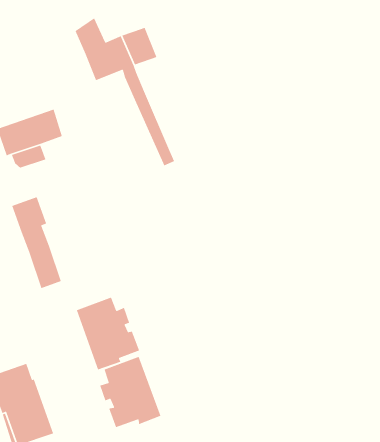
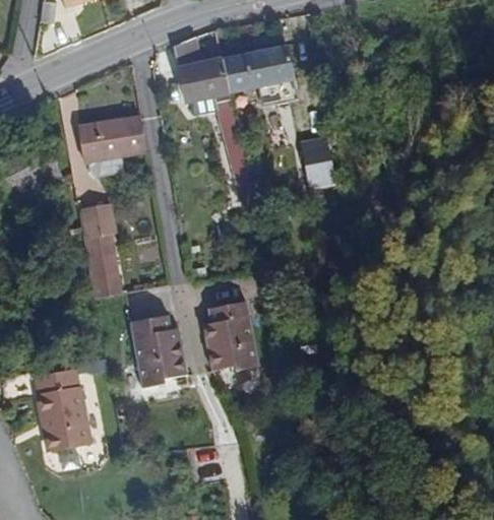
building: none -> [246,45,297,85]
building: none -> [304,137,338,187]
building: [99,356,162,428] -> [201,302,258,371]

